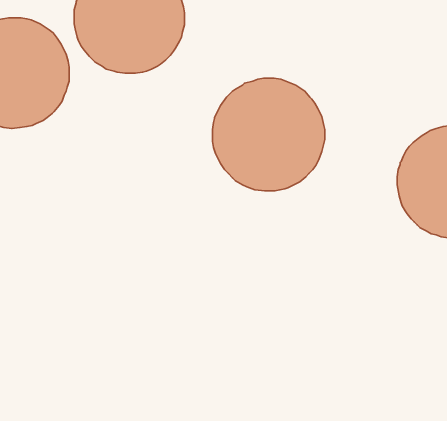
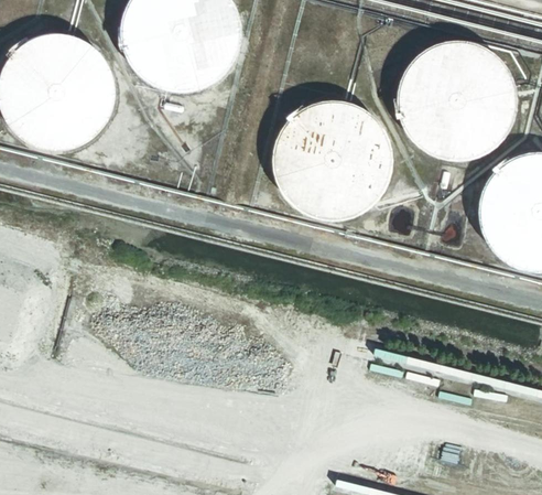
building: none -> [395,41,517,161]

